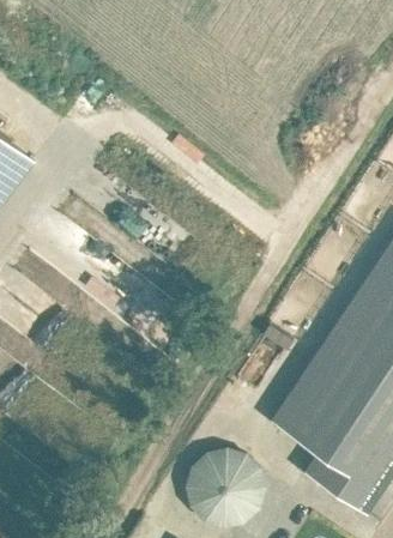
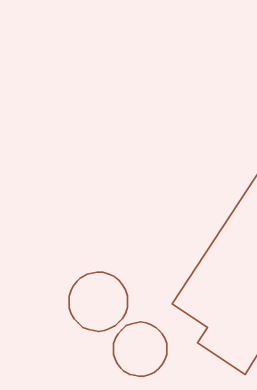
building: none -> [69,272,127,332]

